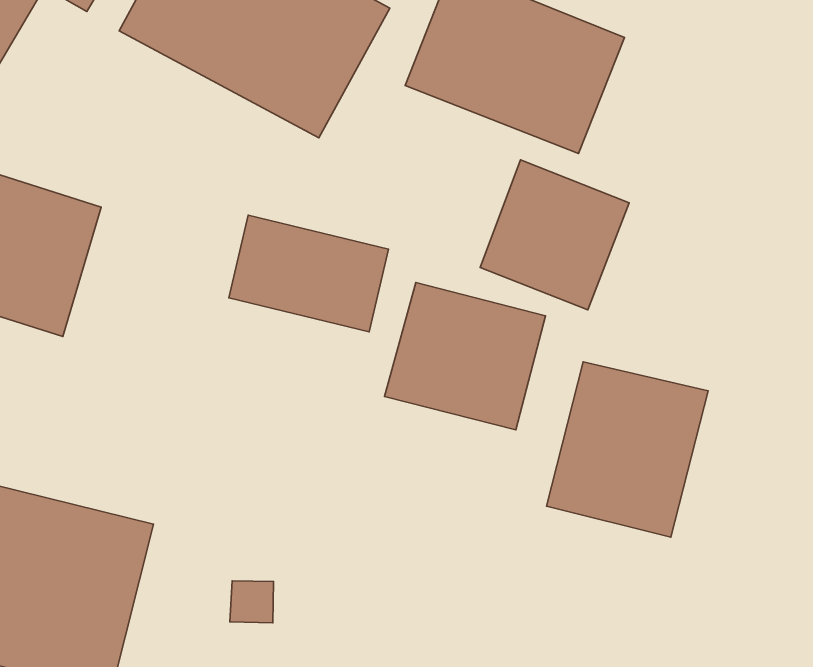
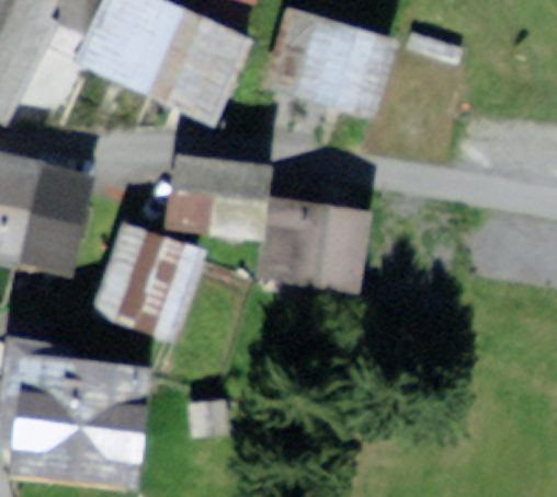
building: [480,160,629,310] -> none
building: none -> [104,229,189,326]
building: [546,362,708,537] -> none

